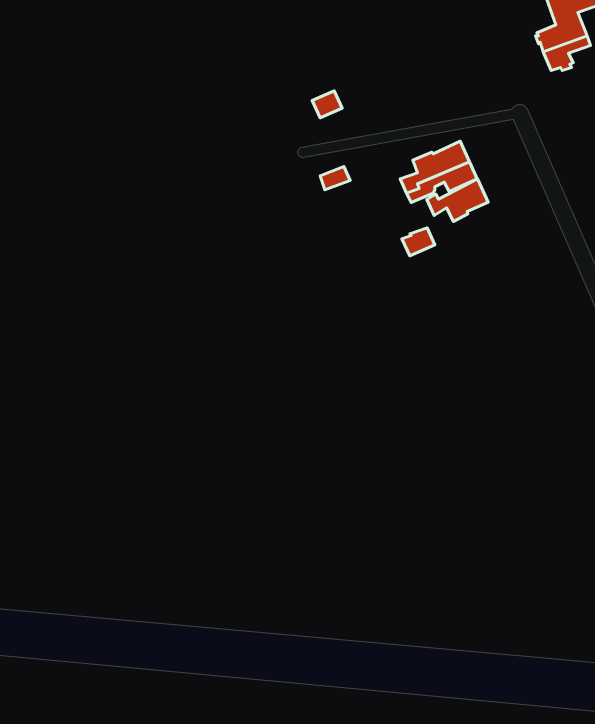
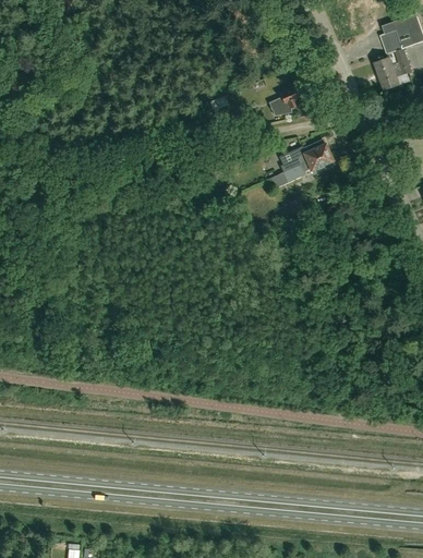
building: none -> [270,86,304,117]
building: [427,179,488,221] -> none

